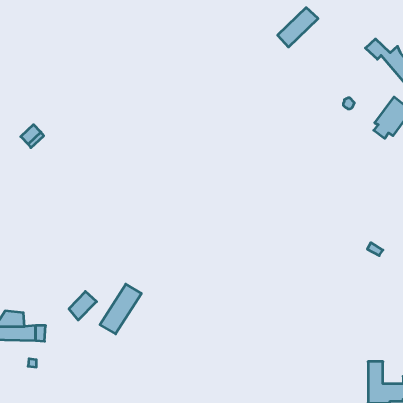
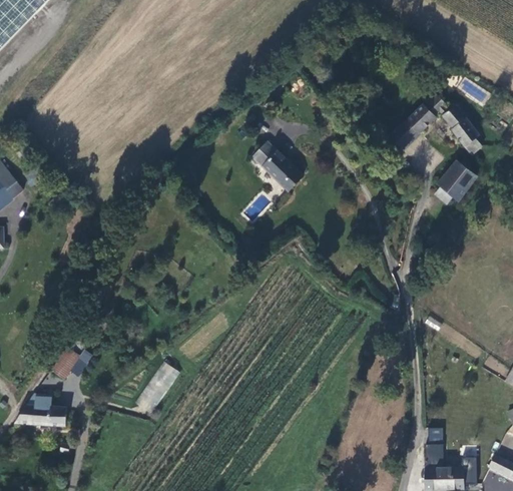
building: [278,8,318,47] -> [392,104,436,147]
building: none -> [252,146,304,196]
building: [69,291,97,320] -> [49,346,79,377]

